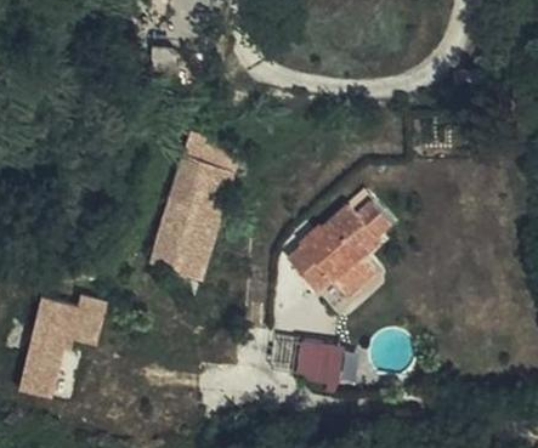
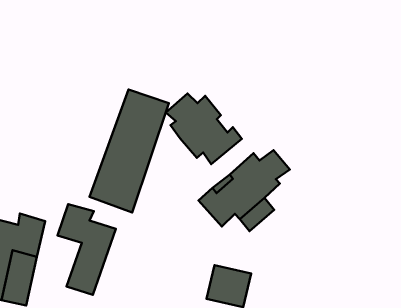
building: none -> [166,94,242,164]
building: none -> [58,204,116,295]

